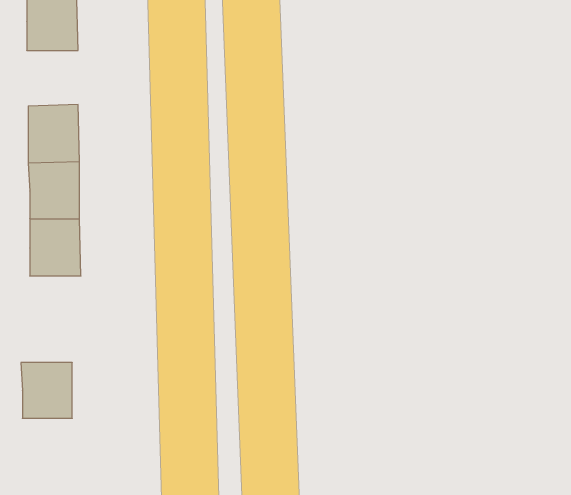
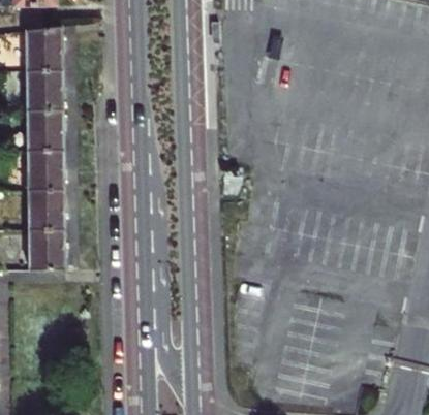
building: none -> [26,69,62,108]
building: [21,363,72,418] -> [28,228,64,267]

